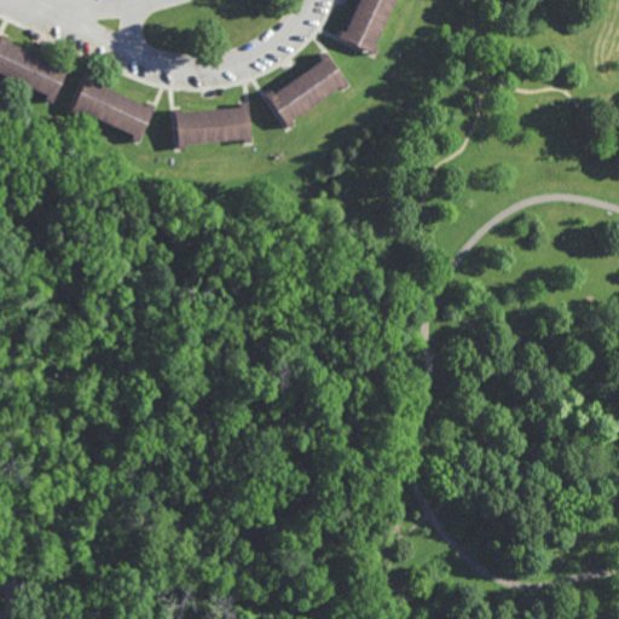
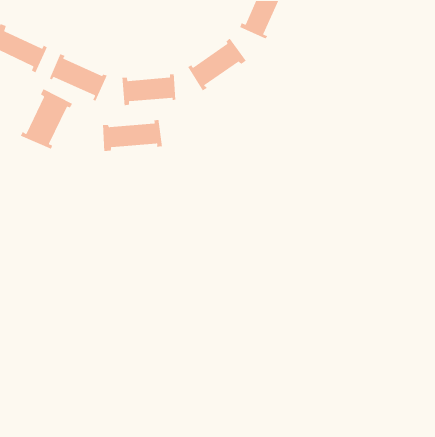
building: none -> [20,88,73,150]
building: none -> [102,119,163,152]

